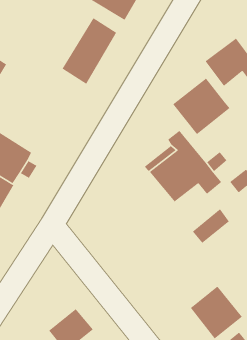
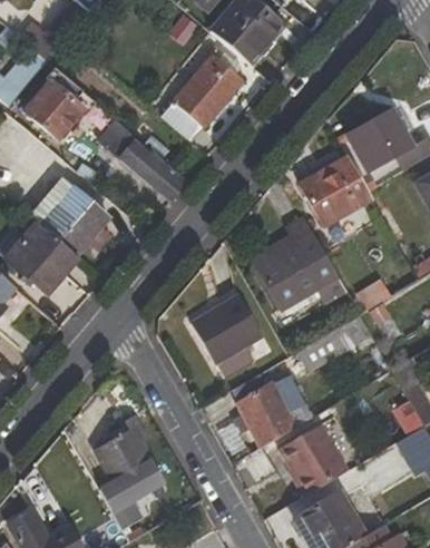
building: none -> [96,116,188,200]
building: none -> [190,293,264,376]
building: none -> [235,375,312,447]

